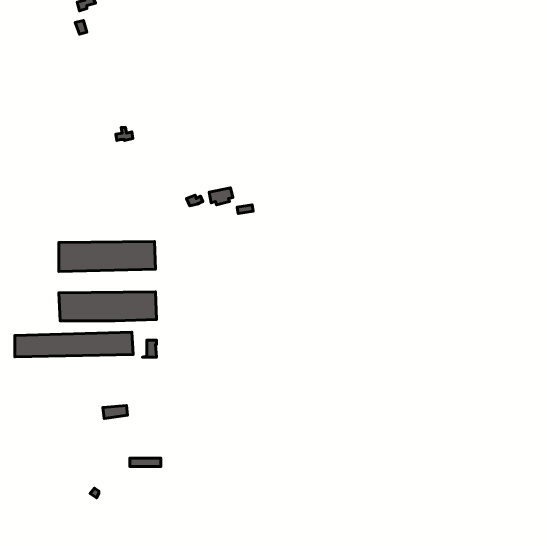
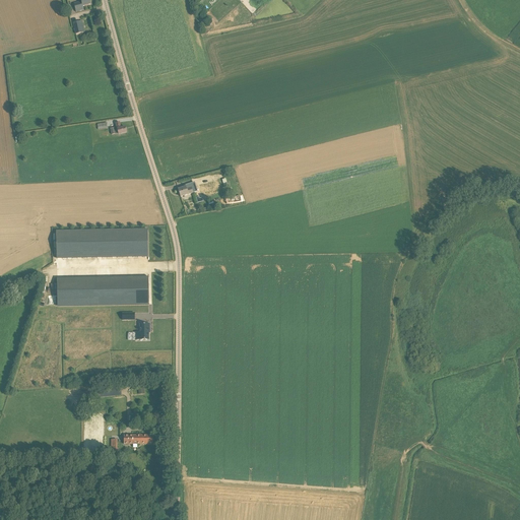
building: [15,332,133,357] -> none

